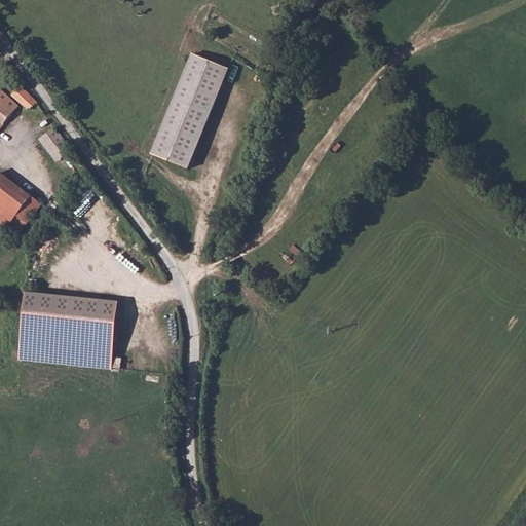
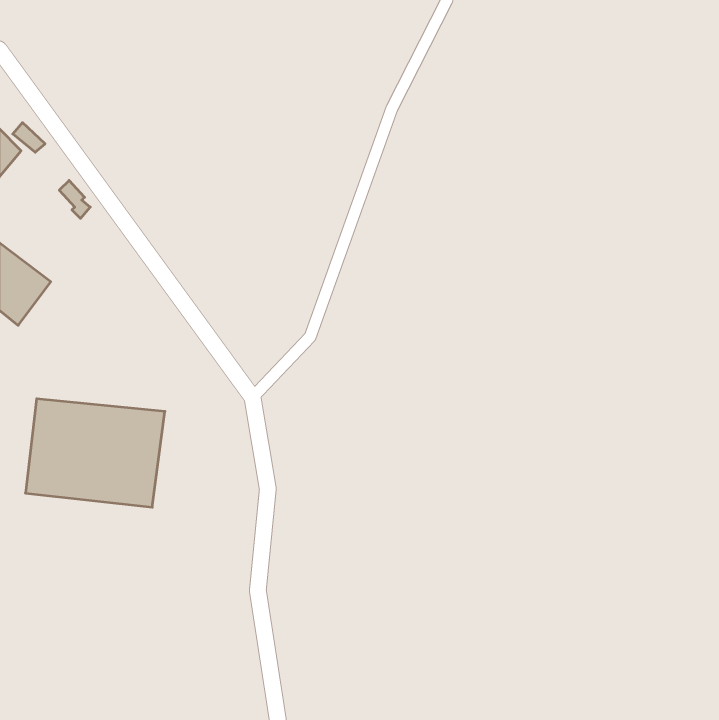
building: [151,52,226,166] -> none

